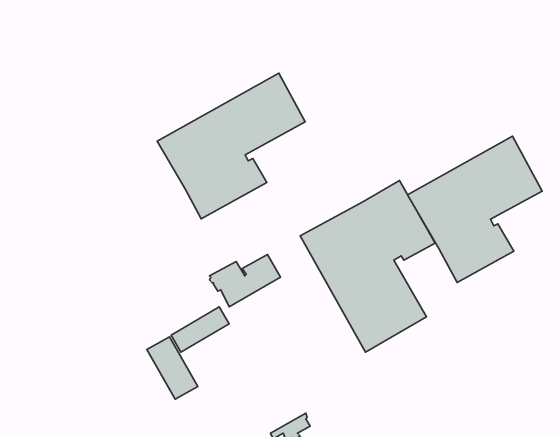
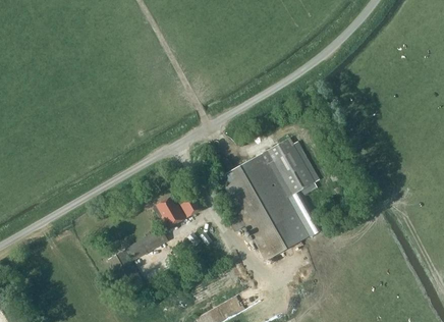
building: [157,73,305,219] -> none
building: [408,136,542,282] -> none

